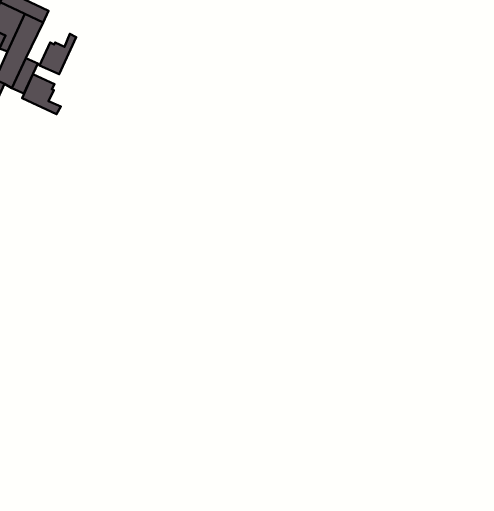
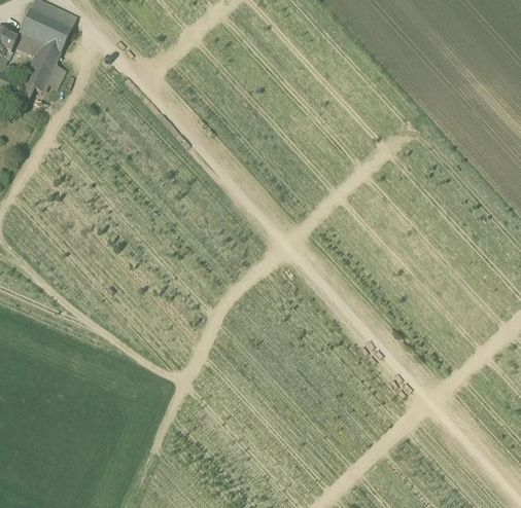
building: [40,34,76,74] -> none
building: [22,74,61,114] -> none

